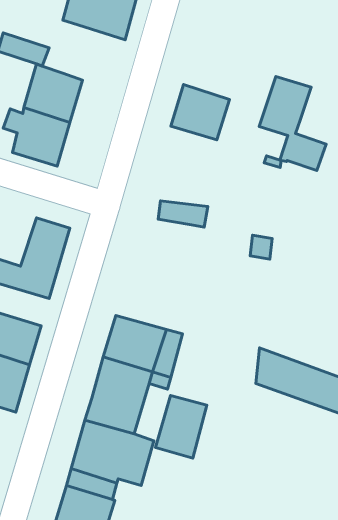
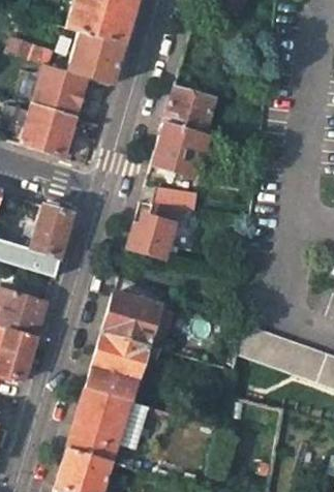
building: none -> [66,31,122,89]
building: [259,77,326,171] -> none
building: none -> [151,122,205,177]
building: none -> [127,204,182,258]
building: [155,395,207,458] -> none

